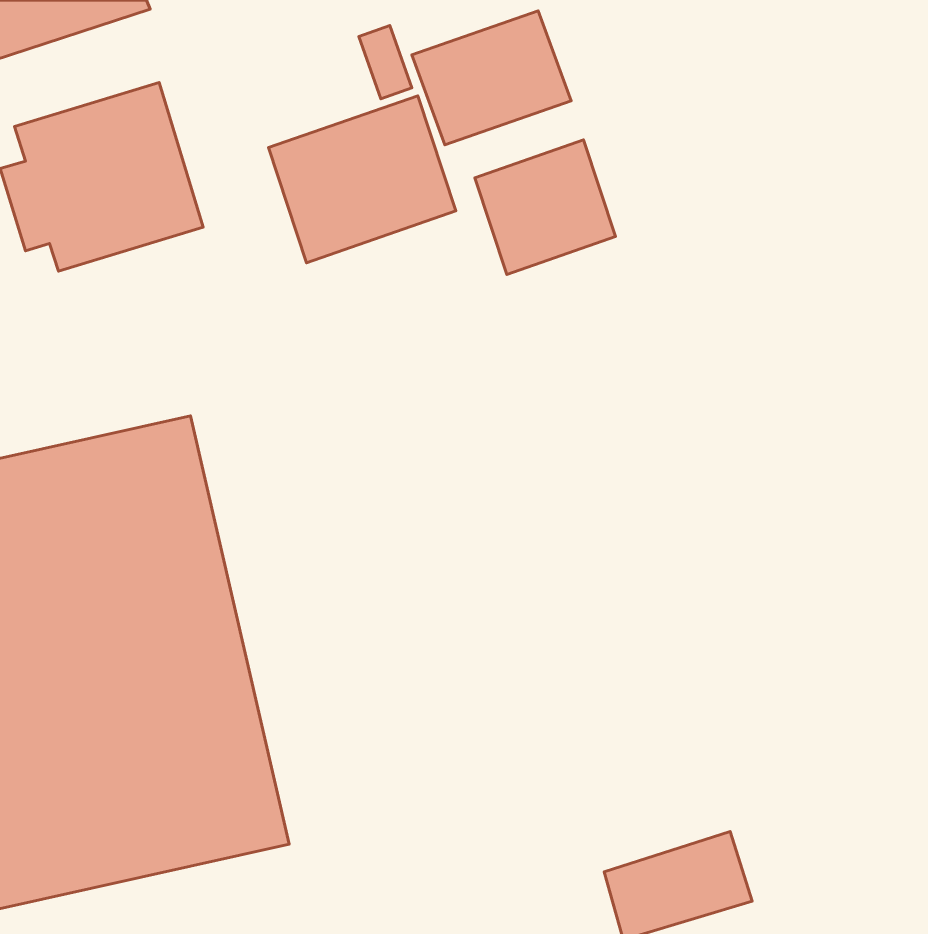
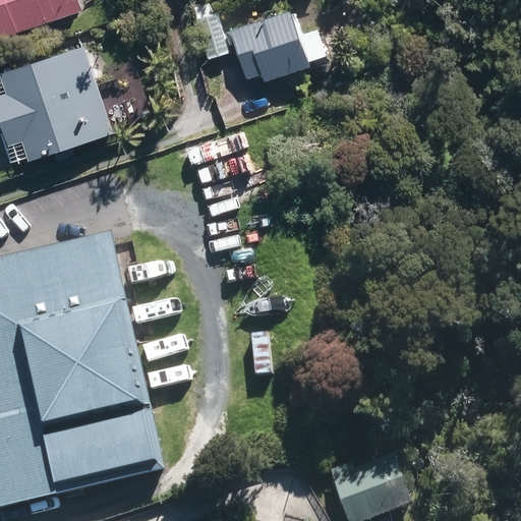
building: [268,96,456,263] -> none
building: [475,140,616,274] -> none

